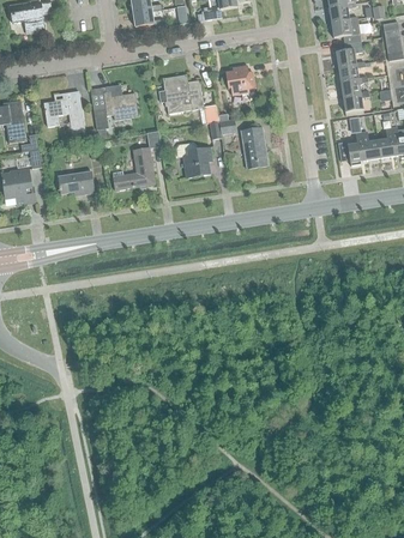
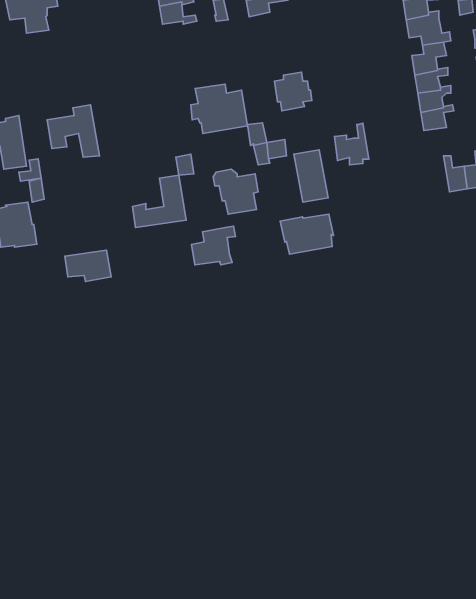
building: [94,84,138,129] -> none
building: [338,131,366,164] -> [335,123,369,165]
building: [58,170,95,195] -> [65,250,111,281]
building: none -> [280,214,333,254]
building: none -> [191,226,235,265]

